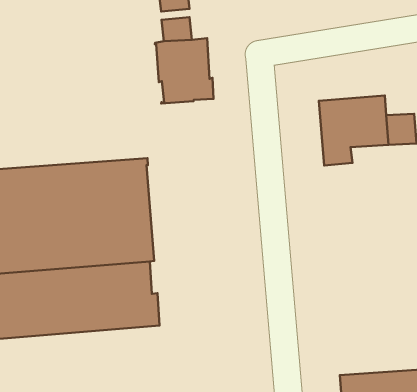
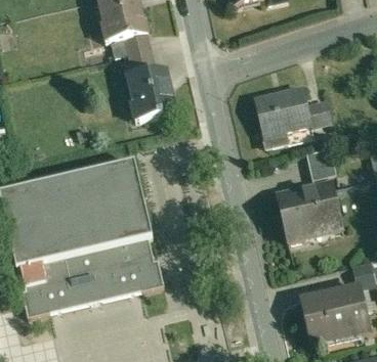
building: none -> [304,147,335,180]
building: none -> [277,180,343,244]

